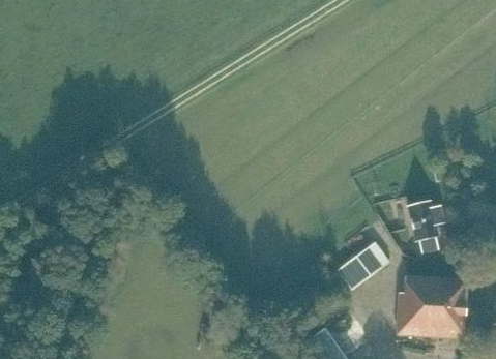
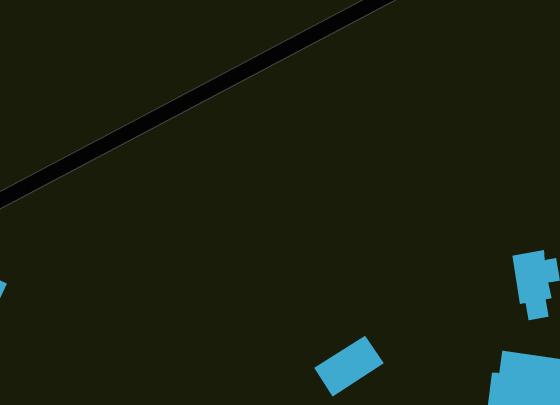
building: [339,241,390,289] -> [313,335,385,398]

